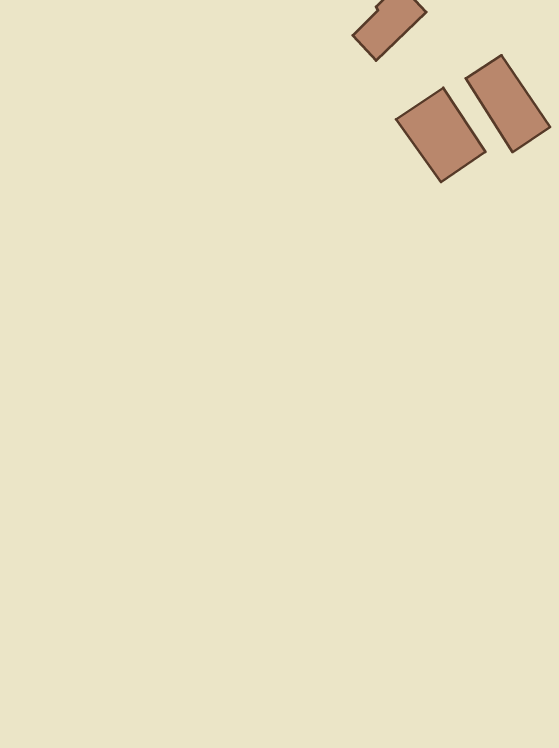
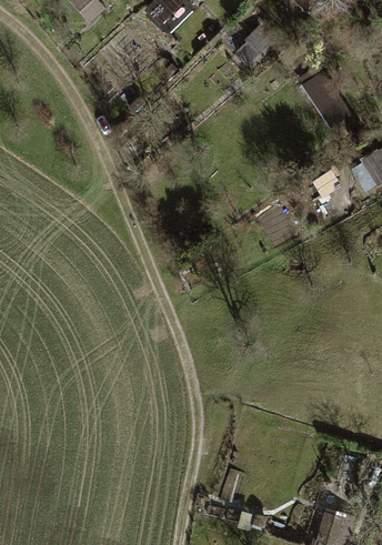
building: [396,88,485,182] -> none

